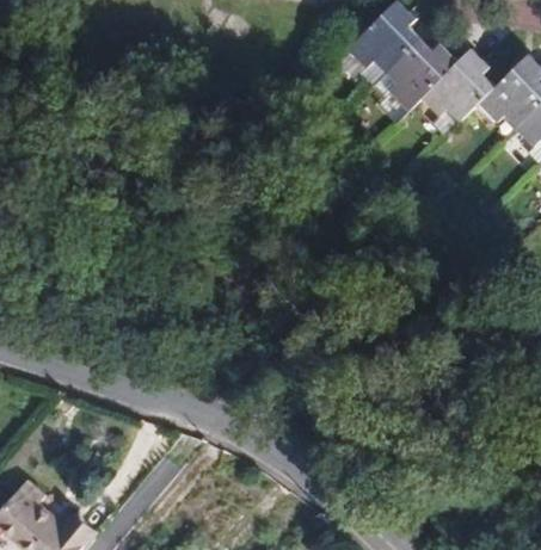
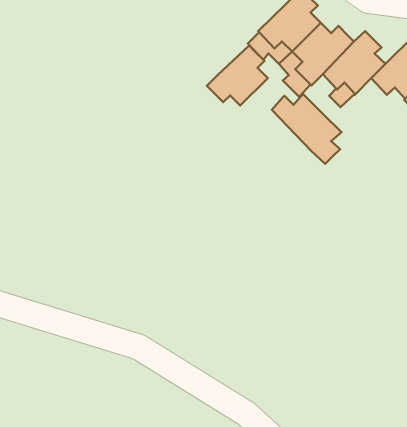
building: none -> [207,46,268,106]
building: none -> [272,93,341,164]

